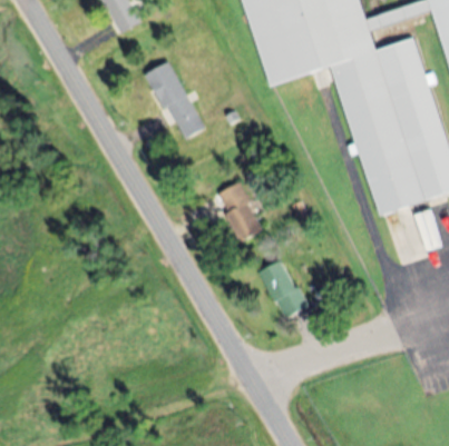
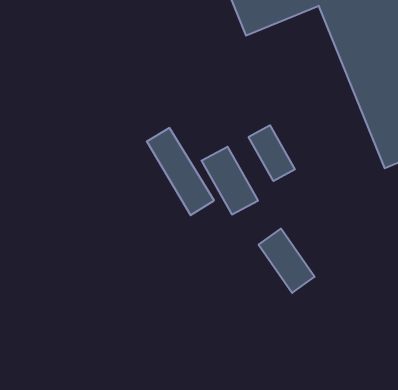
building: [149,61,204,140] -> [147,128,214,215]
building: none -> [249,125,295,181]

